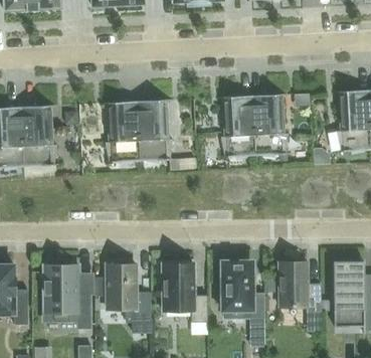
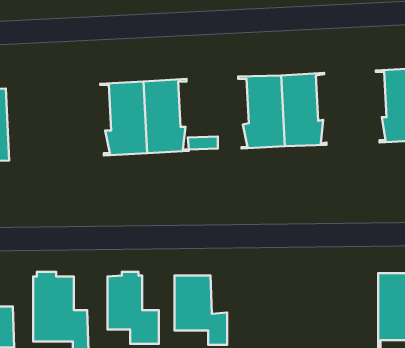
building: [21,105,59,167] -> none
building: [218,257,263,318] -> none
building: [279,261,321,312] -> none

